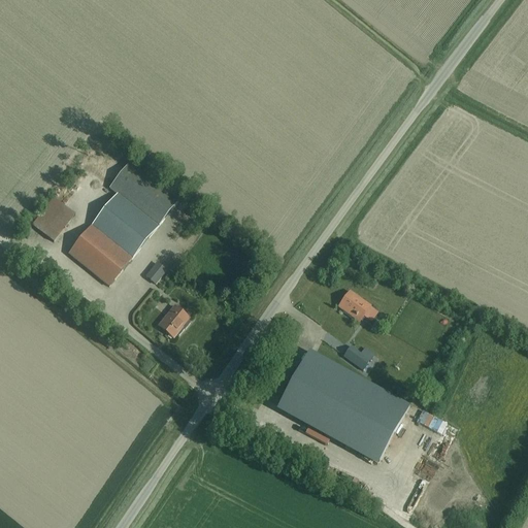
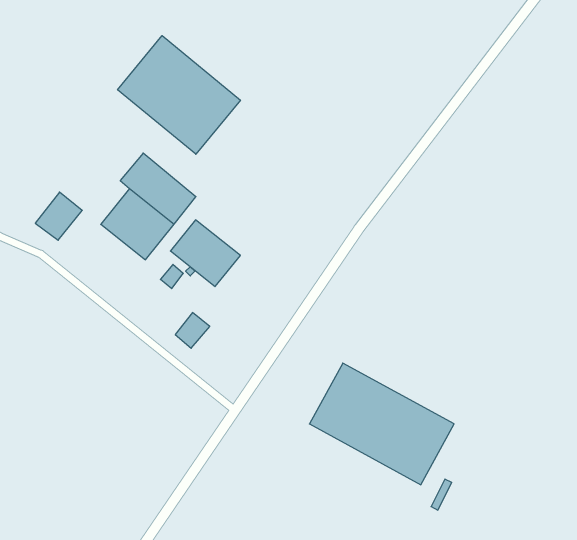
building: none -> [118,36,240,154]
building: [68,225,131,285] -> [170,220,240,287]
building: [337,290,369,320] -> none

